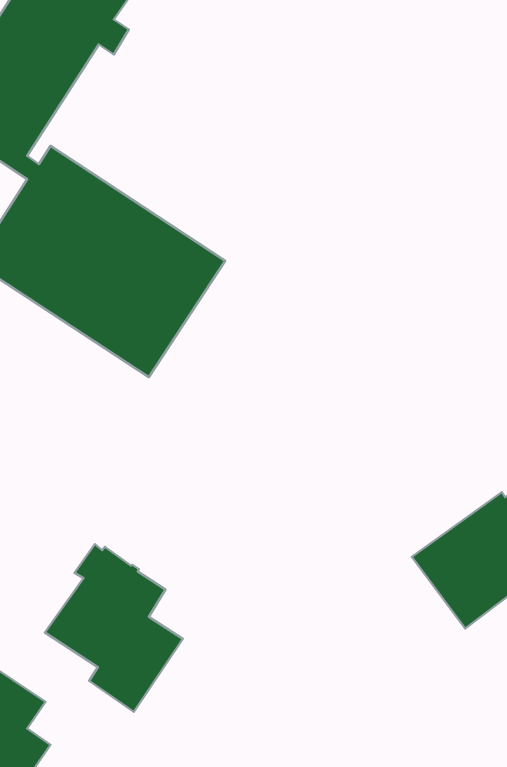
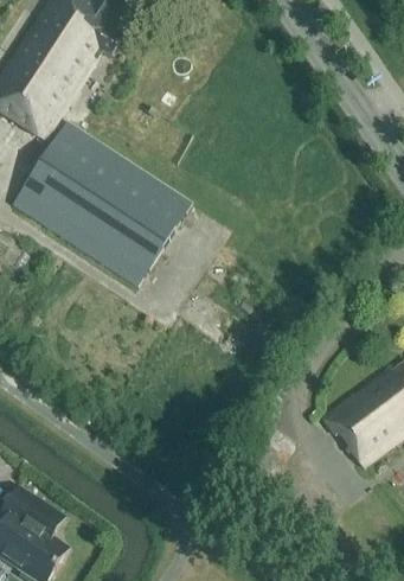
building: [45,544,183,712] -> none

